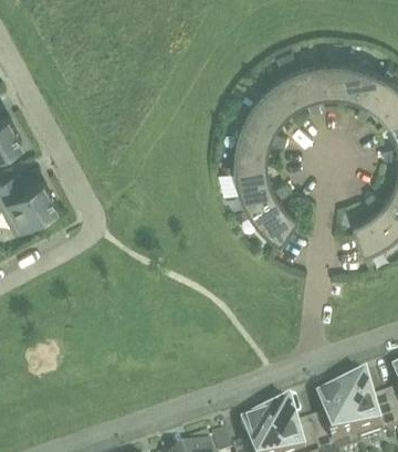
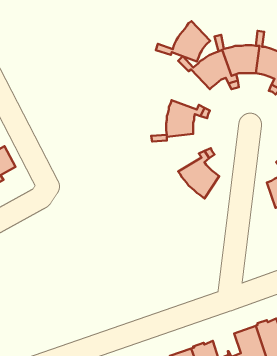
building: [221,86,285,134] -> [156,21,210,61]
building: [231,162,275,220] -> none

